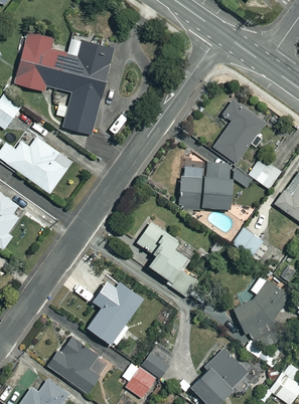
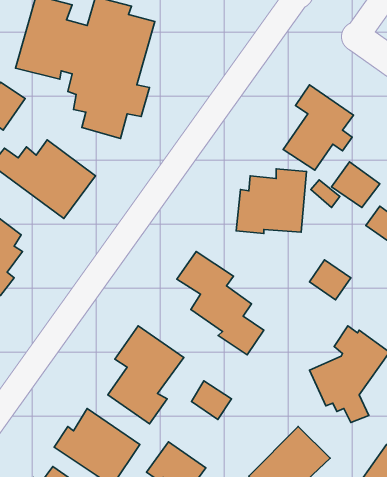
building: [142,348,171,376] -> [192,381,232,419]

